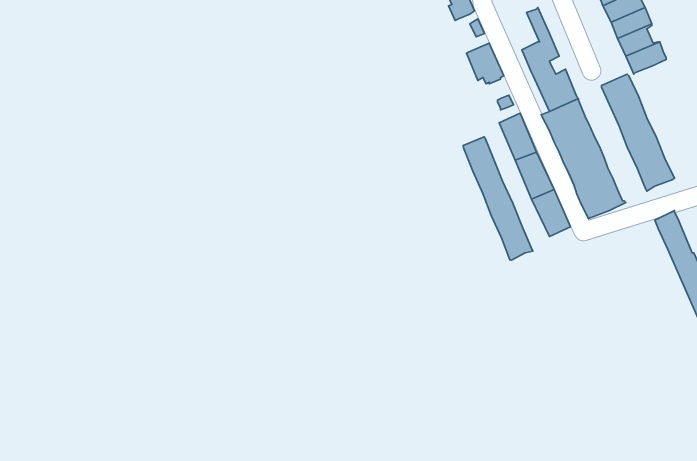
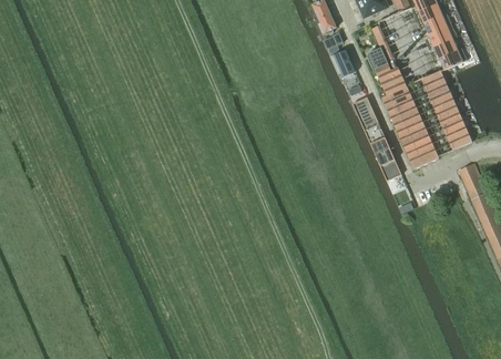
building: [463,137,533,260] -> none

